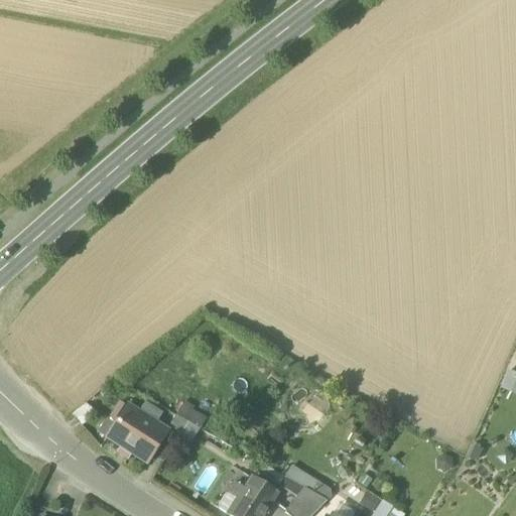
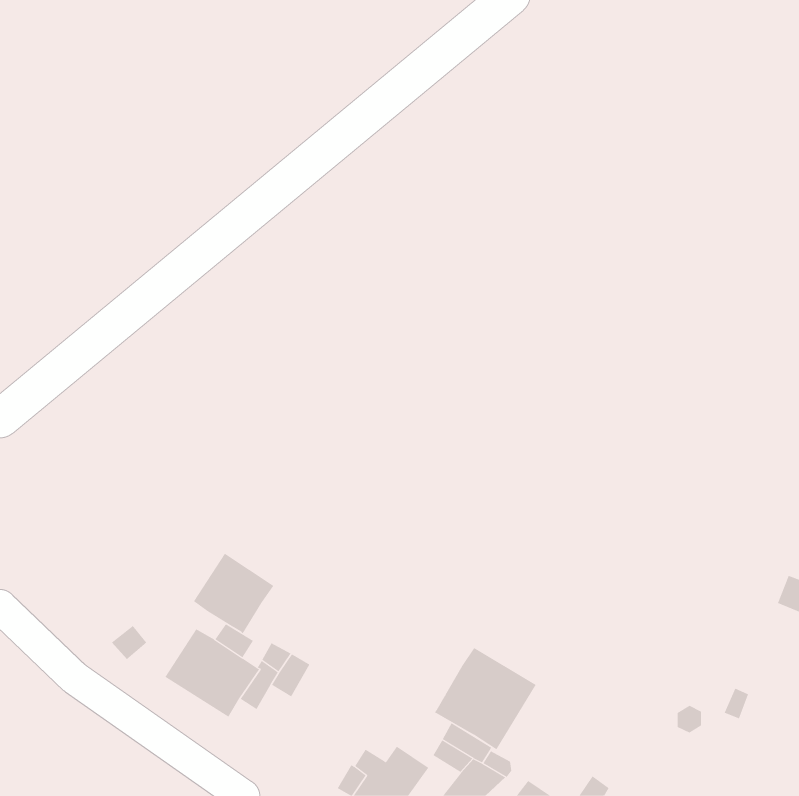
building: none -> [193,553,274,634]
building: none -> [434,647,537,750]

